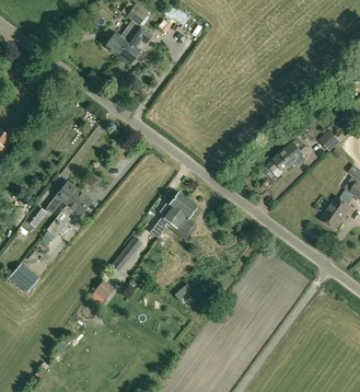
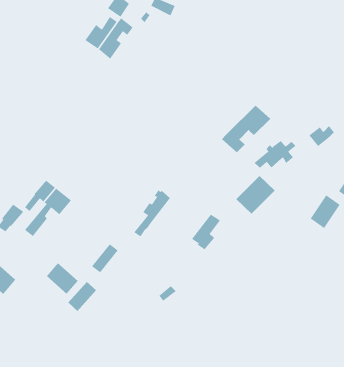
building: none -> [221,105,271,153]
building: none -> [235,175,276,215]
building: [169,199,197,234] -> [191,214,221,250]
building: none -> [46,263,78,294]

